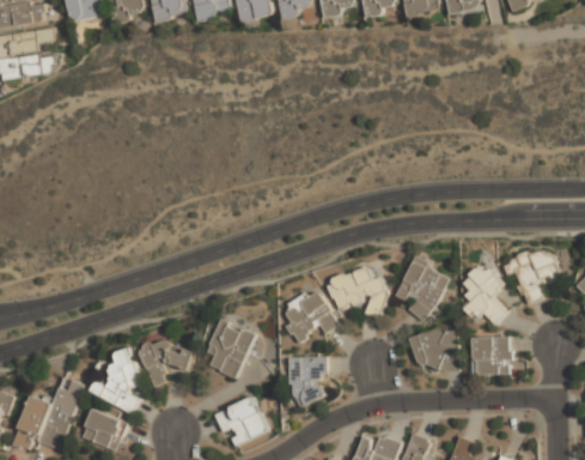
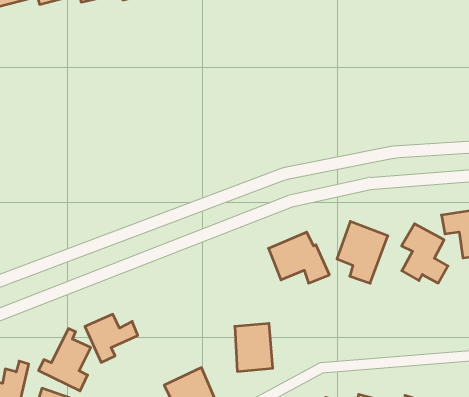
building: [280,288,339,340] -> none
building: [206,320,254,379] -> none
building: [412,329,458,370] -> none
building: [470,337,513,375] -> none

